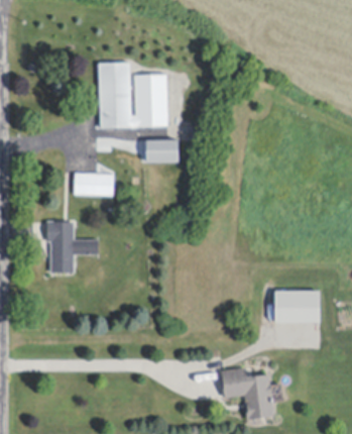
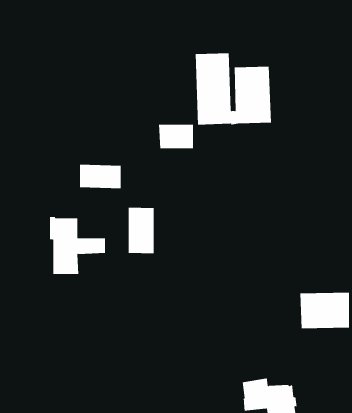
building: [98,62,167,127] -> [195,53,272,125]
building: none -> [128,207,154,254]

